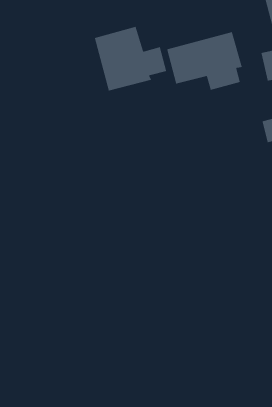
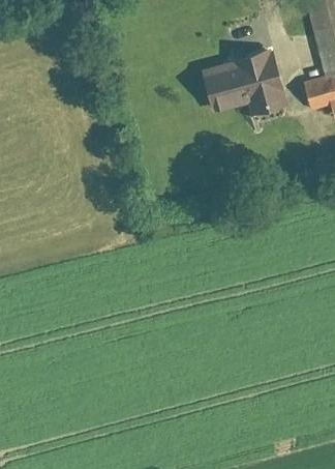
building: [94,26,167,91] -> none

